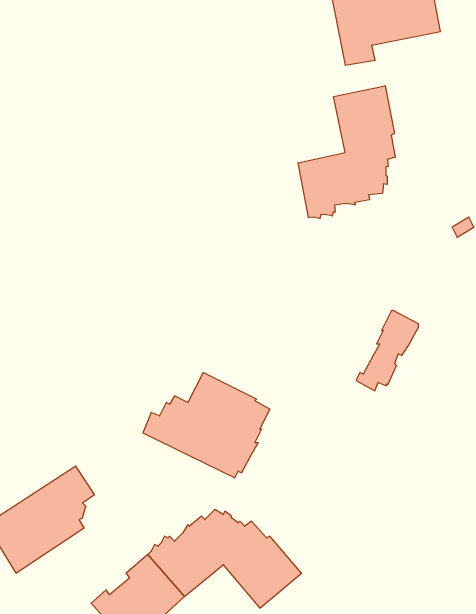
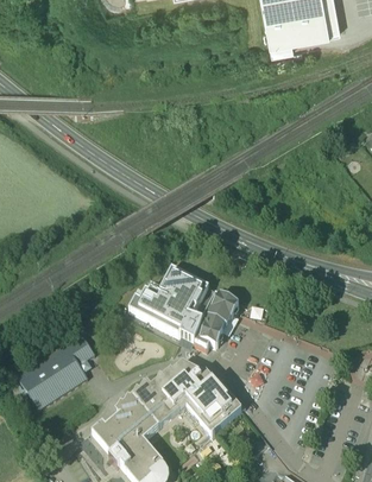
building: [298,86,395,219] -> none
building: [357,311,418,391] -> [193,298,237,355]

